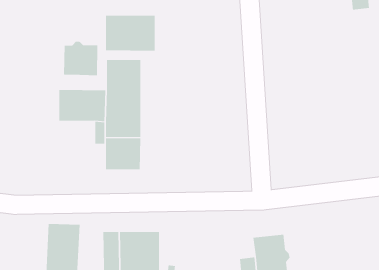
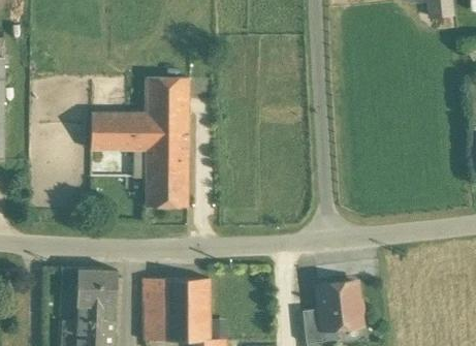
building: [105,15,155,52] -> none
building: [64,41,98,76] -> none

